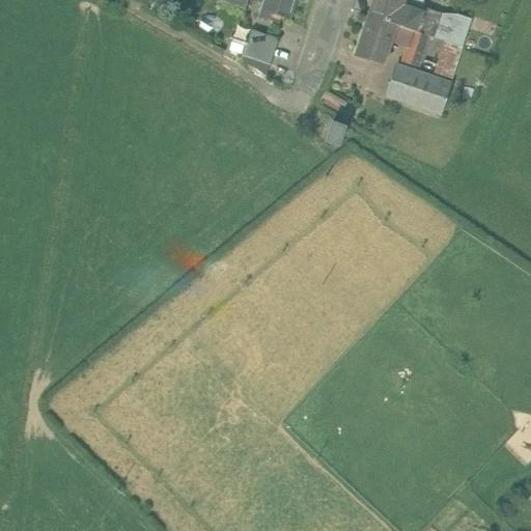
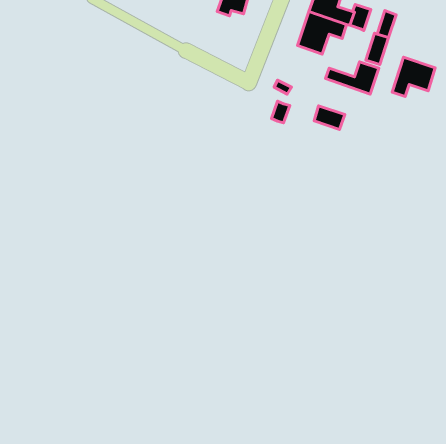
building: [242,28,278,63] -> none
building: [401,29,428,65] -> none
building: [391,63,427,91] -> [314,106,345,129]
building: none -> [392,57,435,97]

